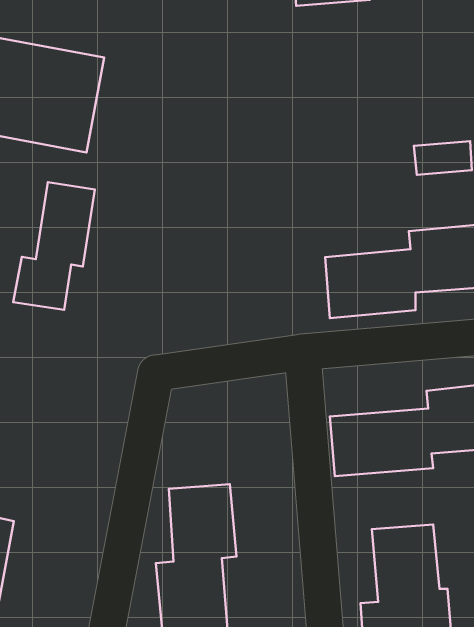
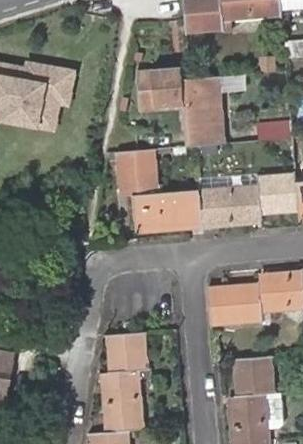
building: none -> [135,67,228,146]
building: [13,182,95,310] -> none
building: none -> [118,149,206,235]

